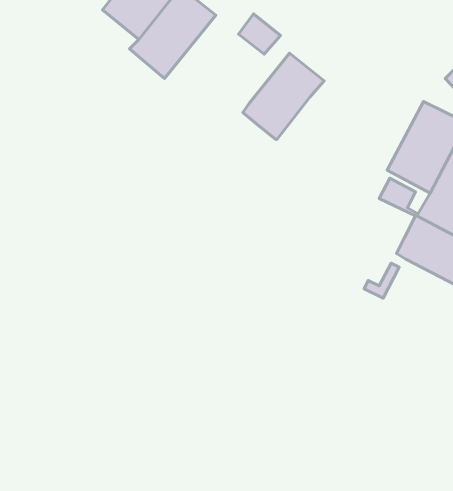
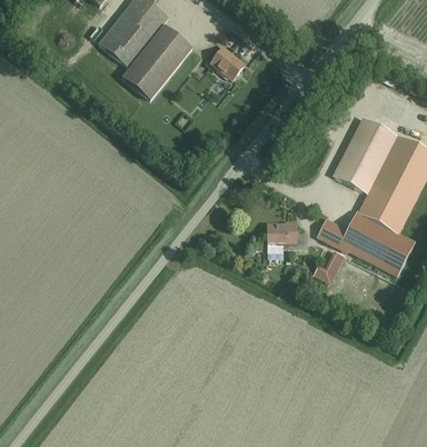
building: [243,53,324,140] -> none
building: [379,178,417,216] -> [318,219,349,250]
building: none -> [268,220,297,251]

